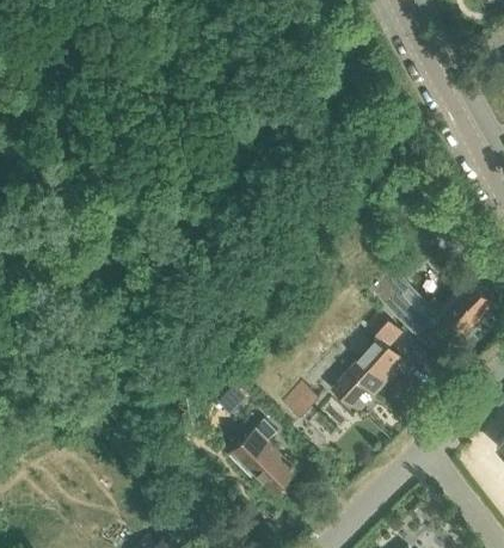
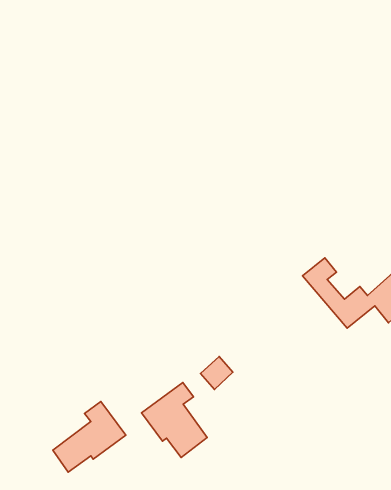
building: [333,315,406,406] -> none
building: none -> [53,401,126,472]

